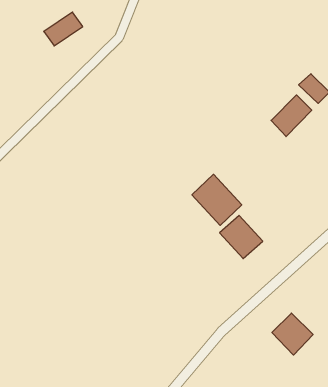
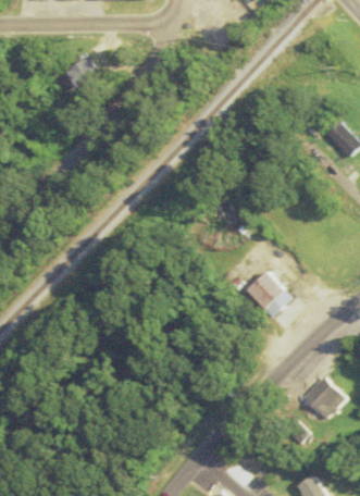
building: [271,95,312,137] -> none
building: [192,174,242,225] -> none

